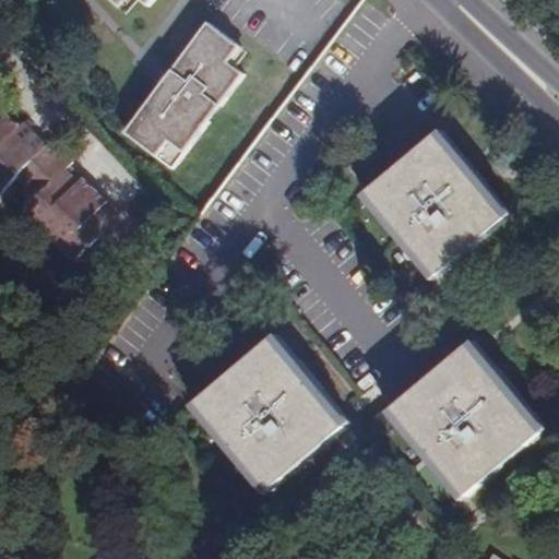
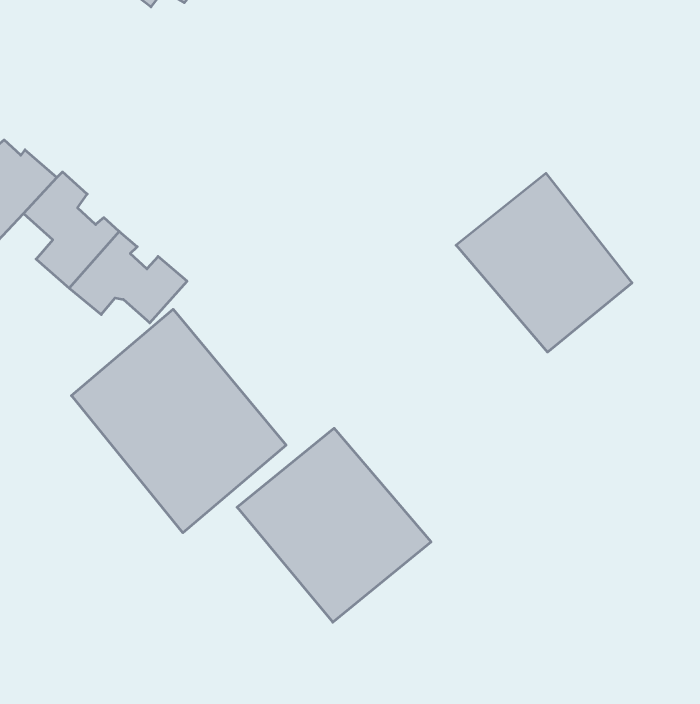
building: [123,21,241,165] -> none
building: none -> [71,309,286,533]
building: [388,347,535,499] -> none

